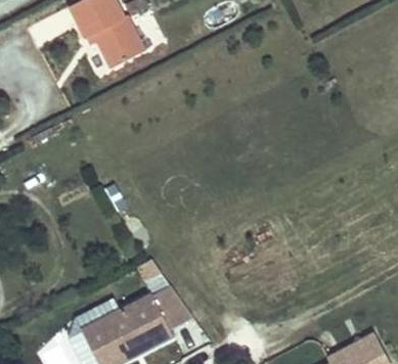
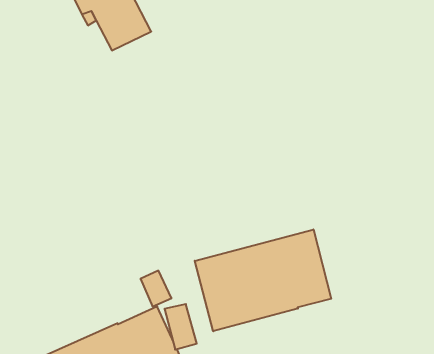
building: none -> [195,229,331,331]

